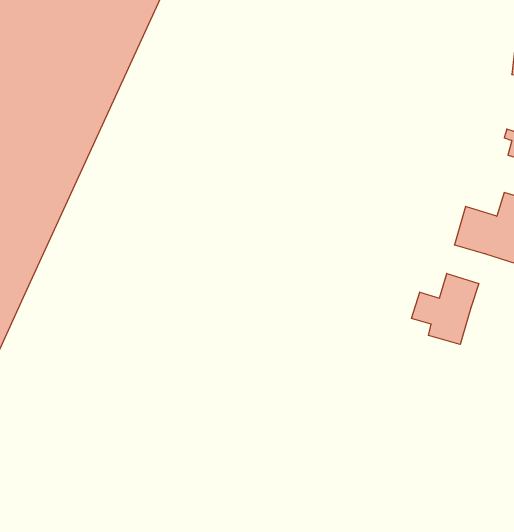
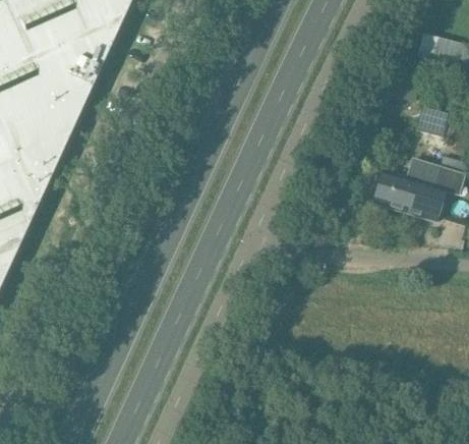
building: [411,273,479,344] -> none

